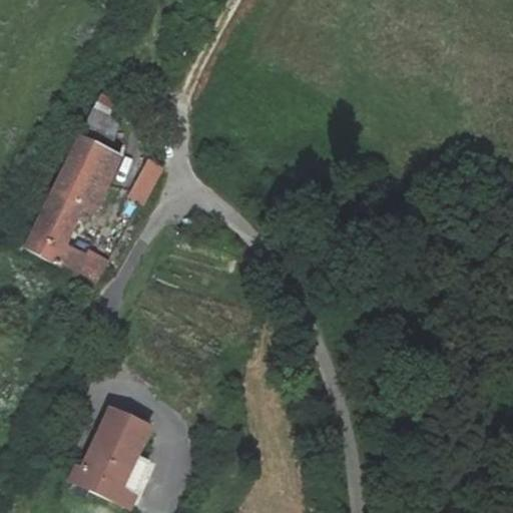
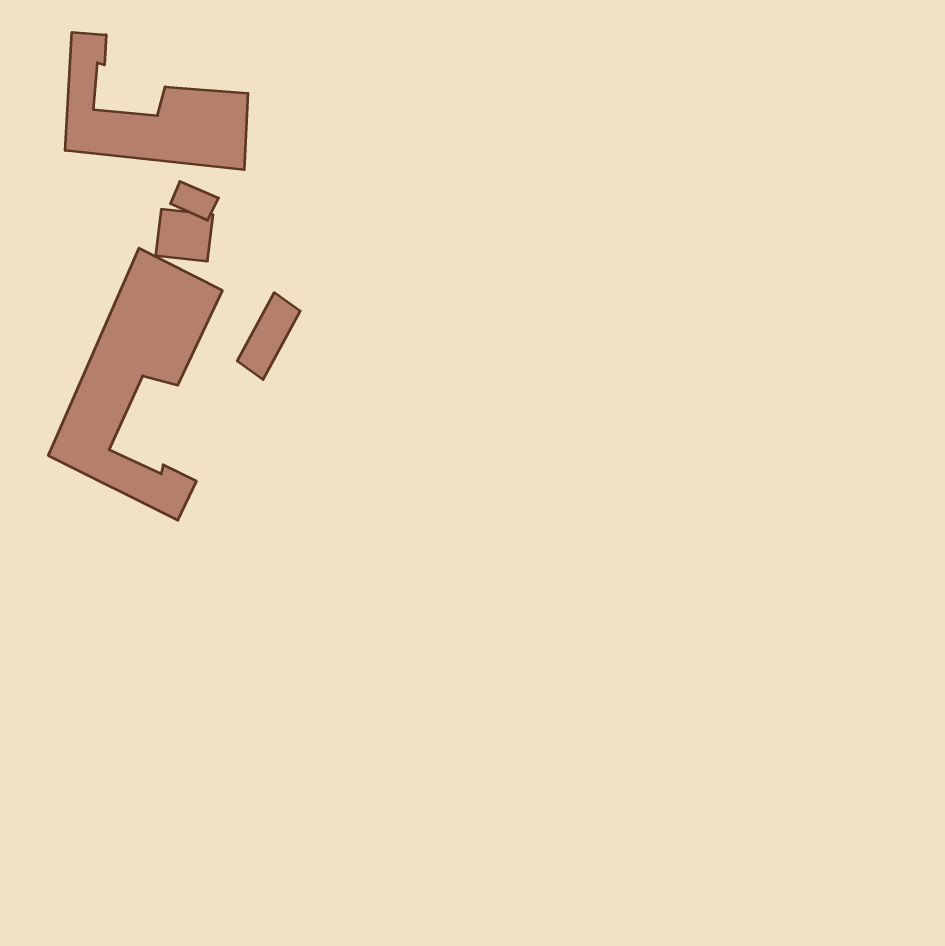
building: none -> [65,32,248,170]
building: [77,408,148,504] -> none

